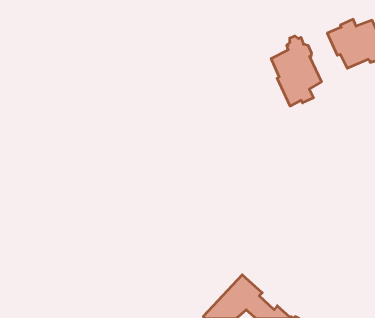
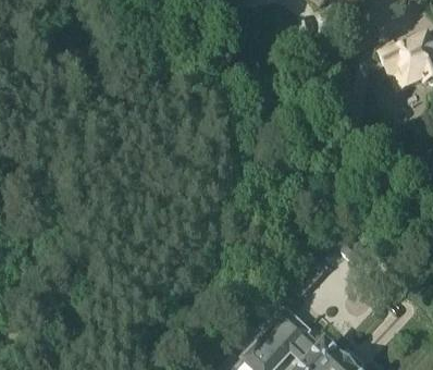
building: [271,36,321,106] -> none

